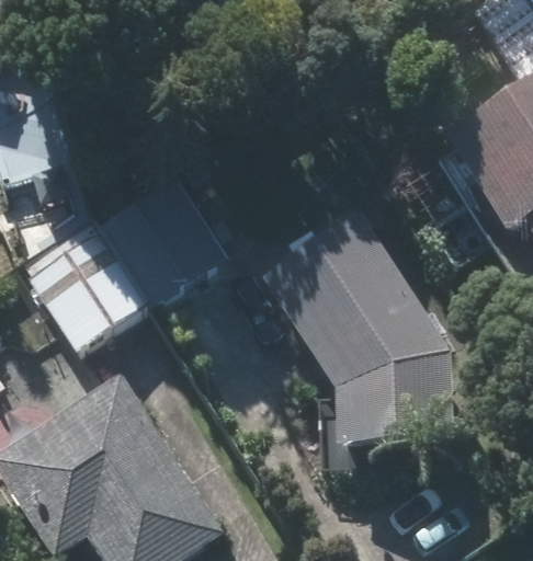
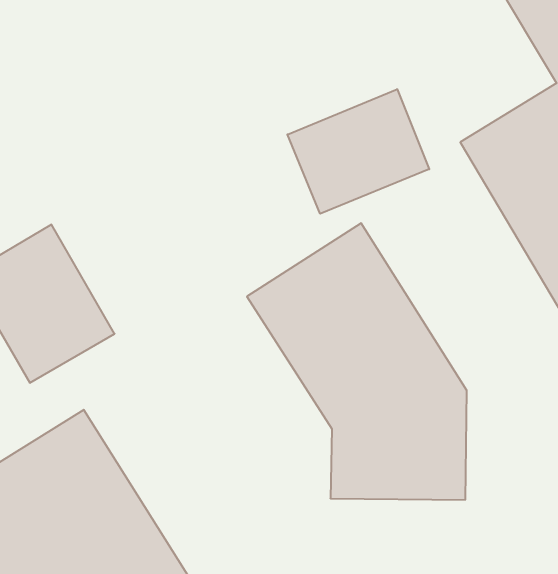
building: none -> [287,89,429,214]
building: [97,170,236,312] -> none

